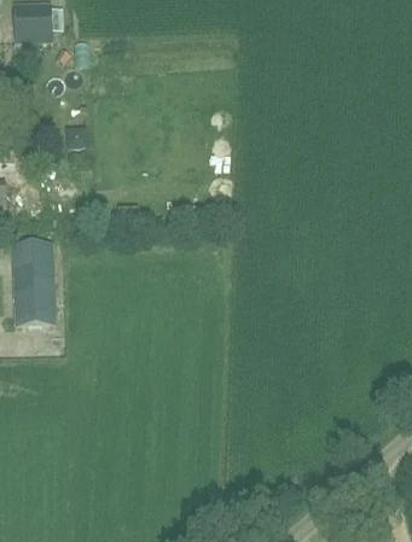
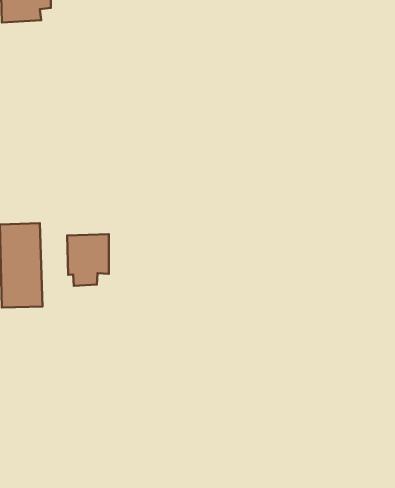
building: none -> [67,234,109,286]

